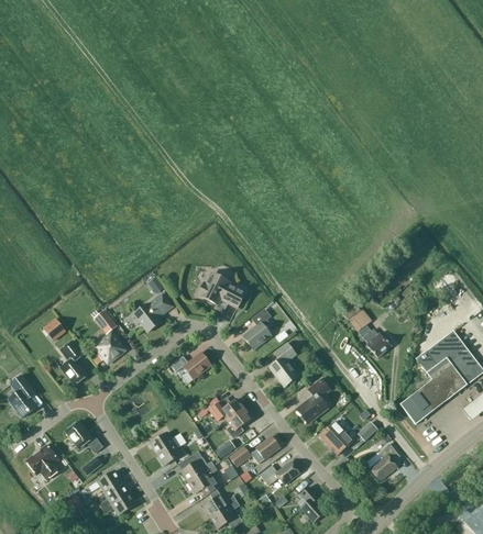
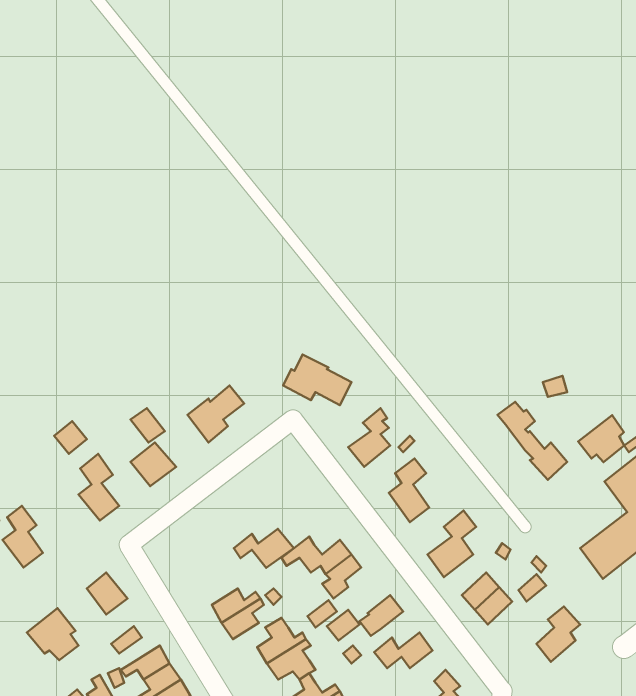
building: none -> [578,415,624,462]
building: [172,352,212,378] -> [234,529,294,568]

